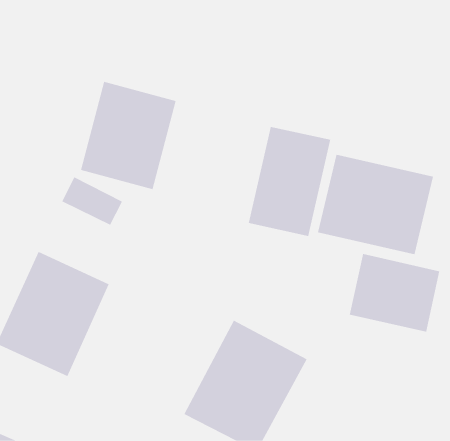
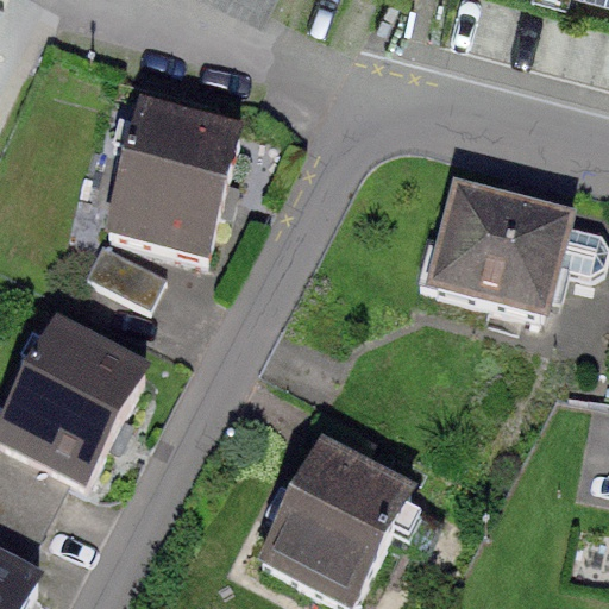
building: [248,126,331,237] -> none
building: [349,253,440,333] -> none

